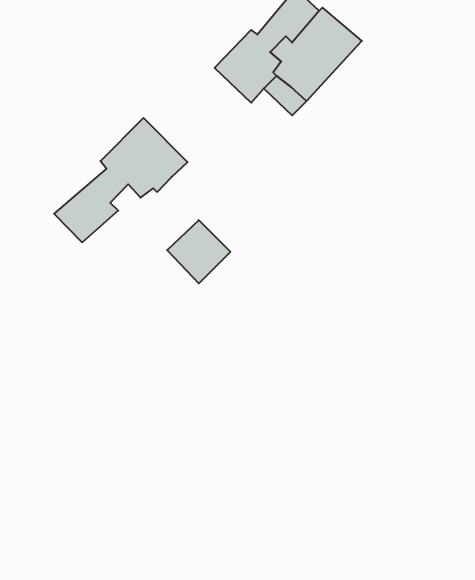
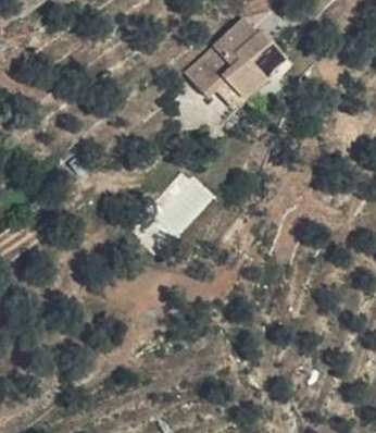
building: [54,118,188,242] -> none

